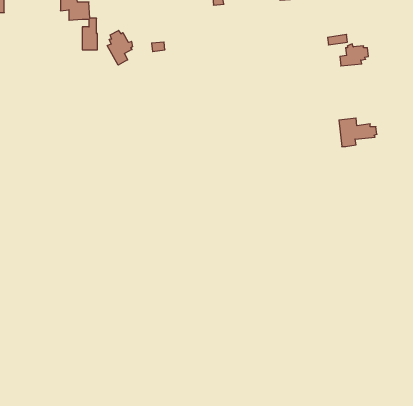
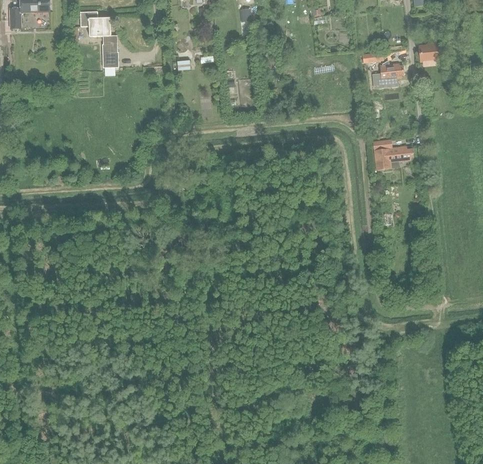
building: none -> [419,42,442,61]
building: [107,30,133,65] -> none

